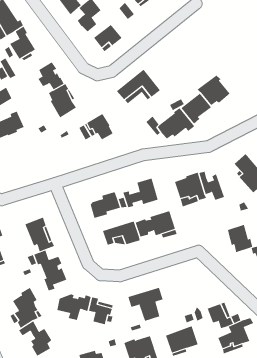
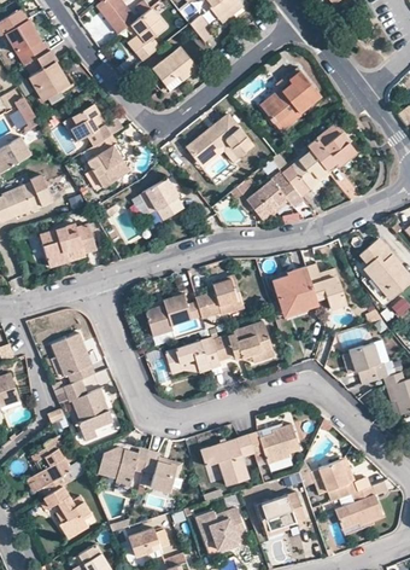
building: none -> [258,65,318,129]
building: none -> [39,225,94,267]
building: none -> [250,426,303,464]

